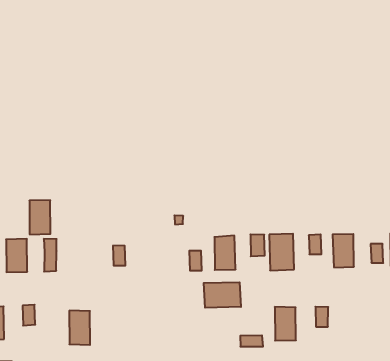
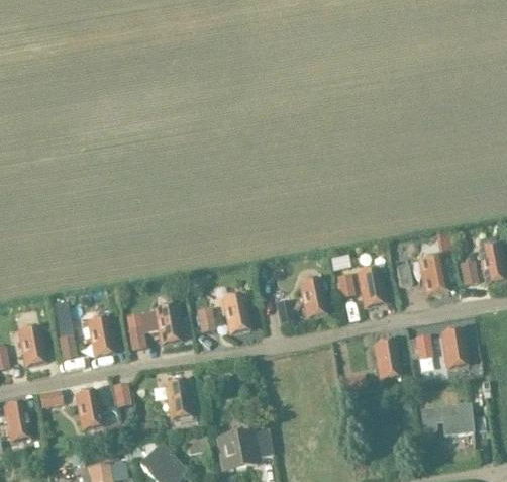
building: [29,200,50,234] -> [155,304,182,343]
building: none -> [222,294,250,331]
building: [204,282,241,308] -> none
building: none -> [441,329,468,367]

